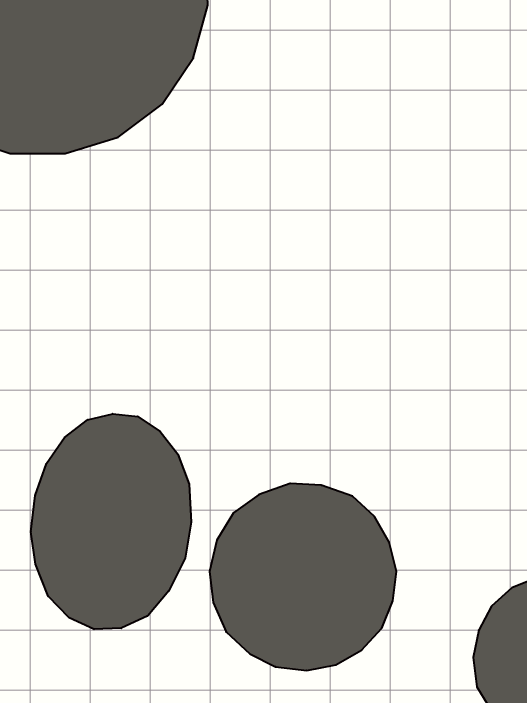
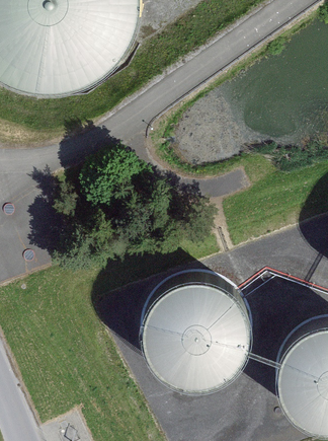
building: [31,414,191,629] -> none

